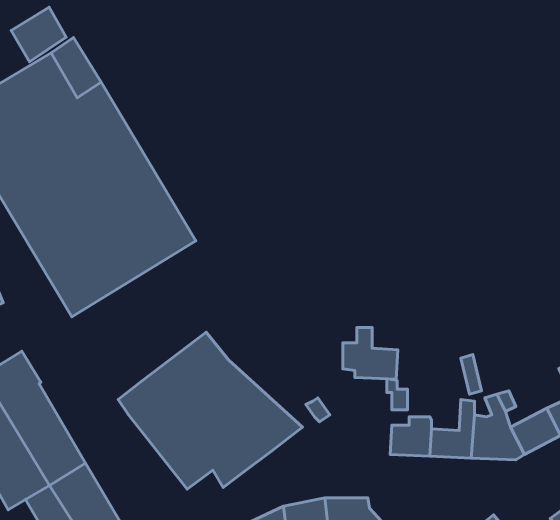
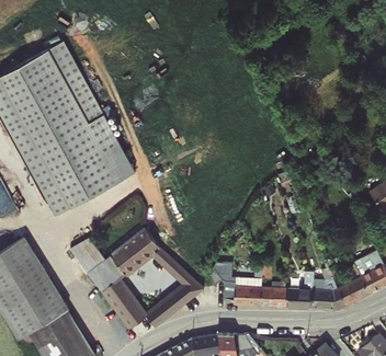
building: [11,7,66,62] -> none
building: [343,327,398,379] -> [226,273,261,306]
building: none -> [69,238,102,271]

